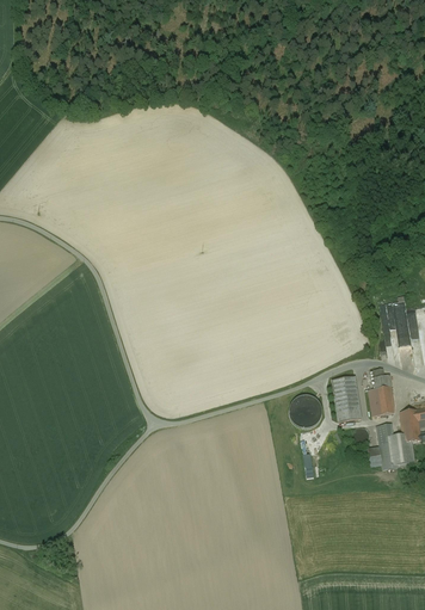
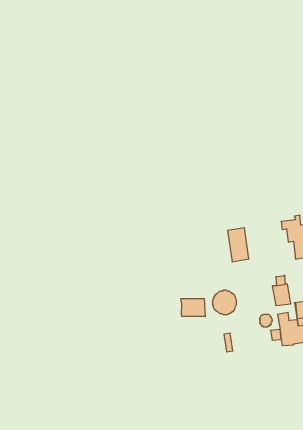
building: [332,376,361,421] -> [228,228,249,262]
building: none -> [181,299,205,317]

